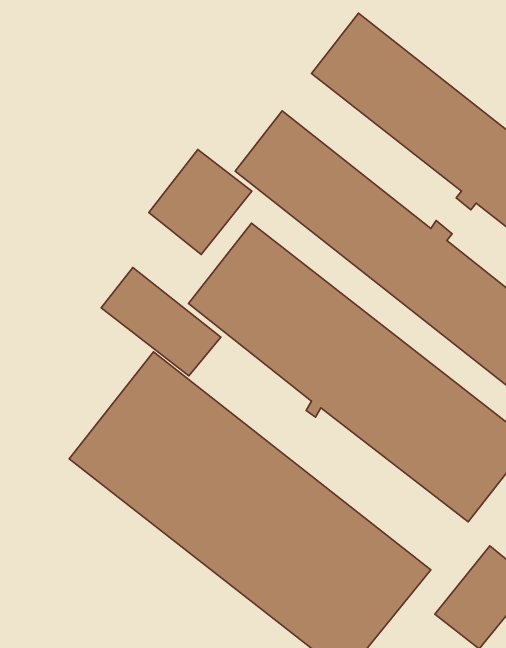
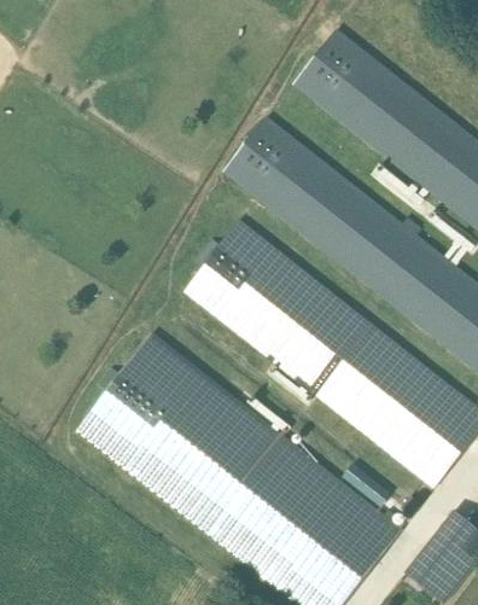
building: [149,149,252,254] -> none
building: [101,268,221,376] -> none

